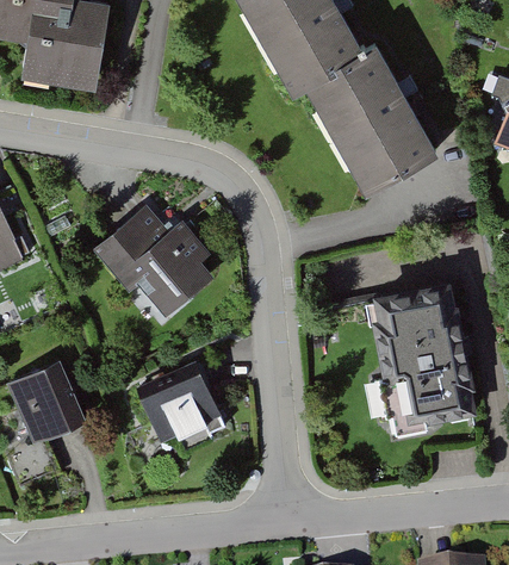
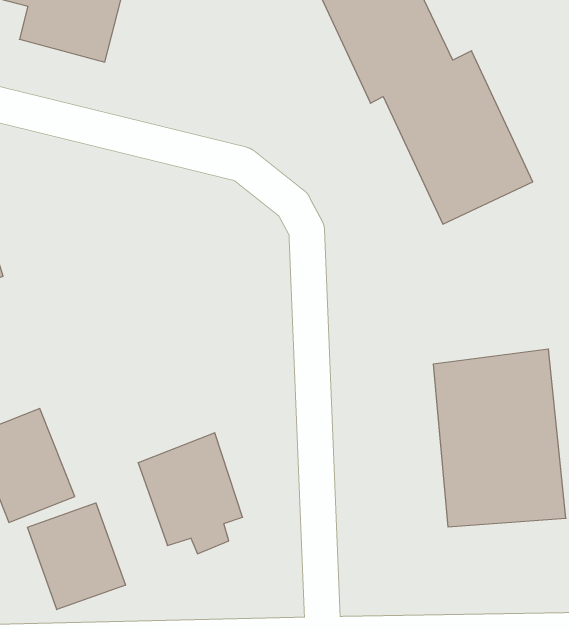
building: [98,197,225,310] -> none
building: none -> [27,503,125,610]

